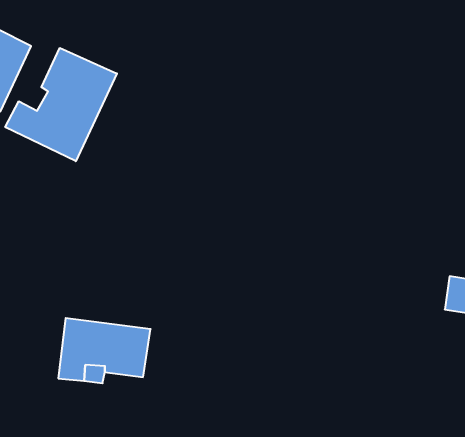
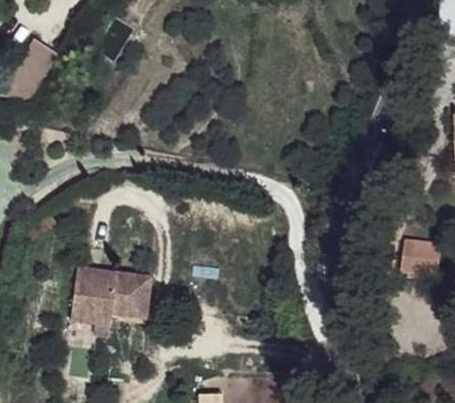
building: [5,48,117,161] -> none

